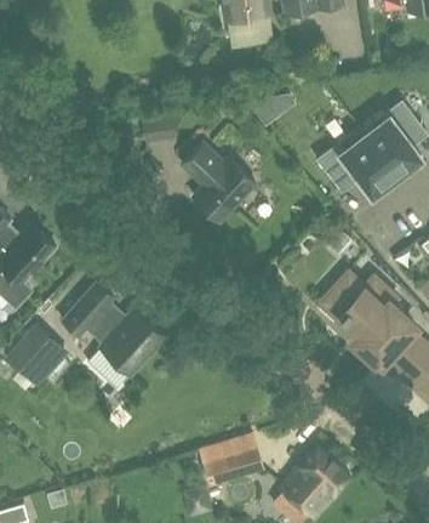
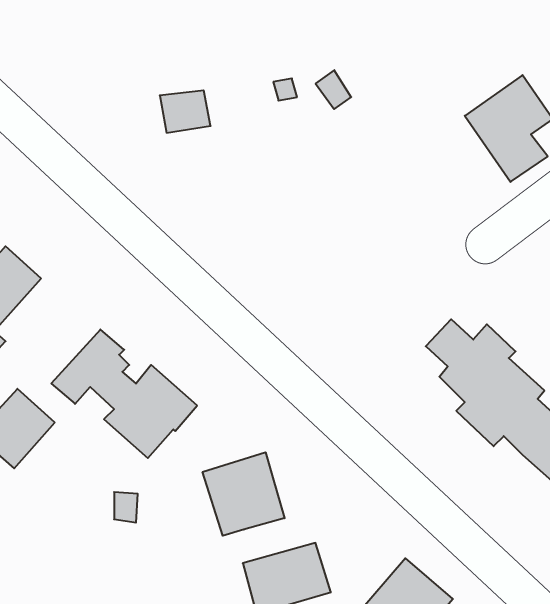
building: [310,127,390,197] -> none
building: [181,144,254,223] -> none
building: none -> [203,452,285,536]

